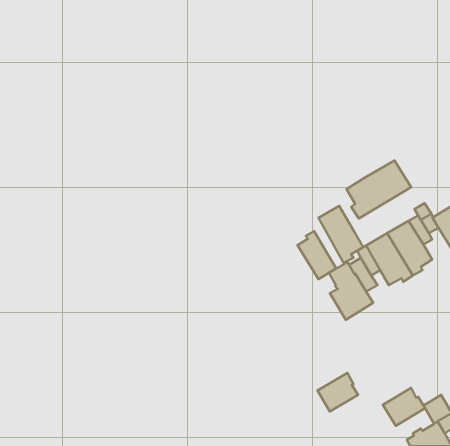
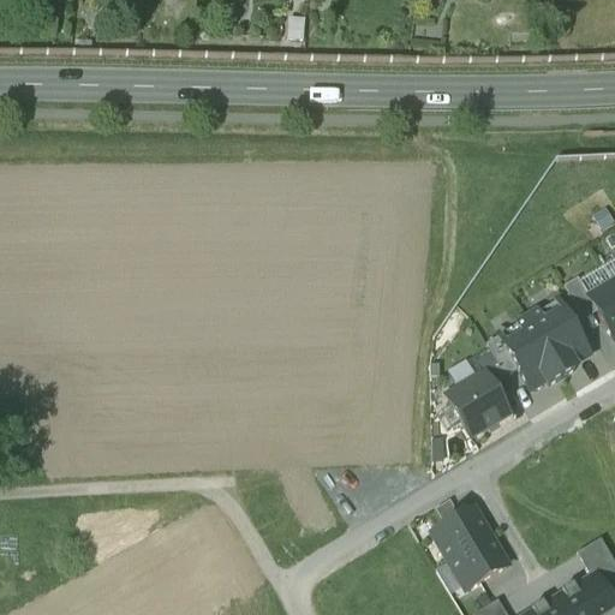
building: [346,161,411,219] -> none
building: [318,206,363,263] -> none
building: [298,231,336,279] -> none
building: [383,388,425,426] -> [450,537,508,589]

